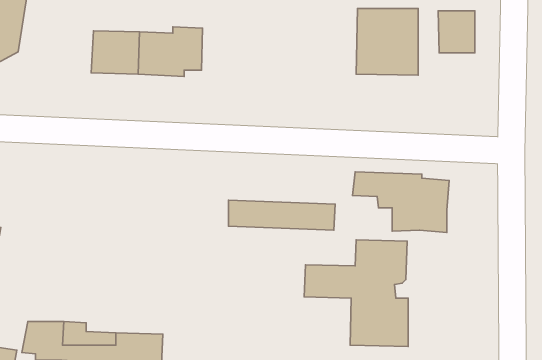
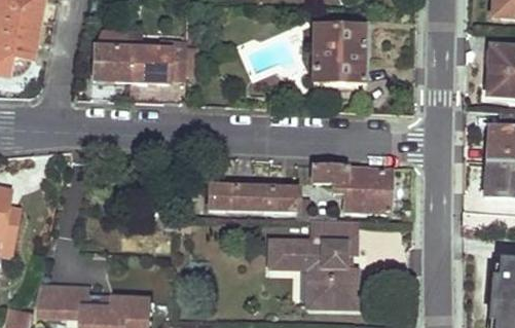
building: [438,11,475,53] -> none

